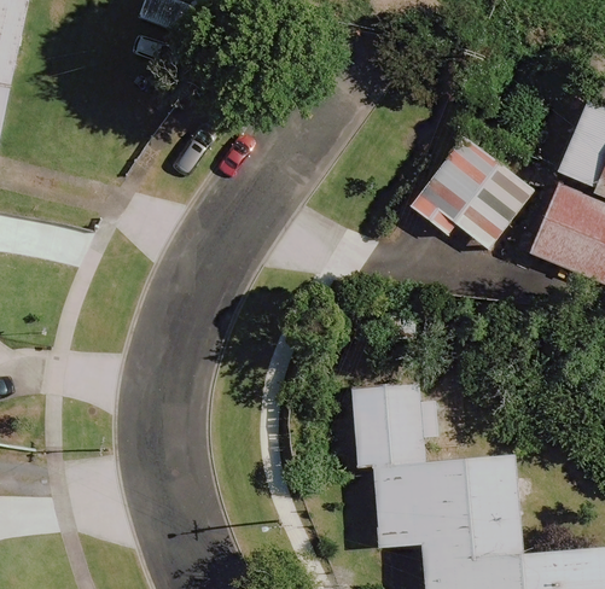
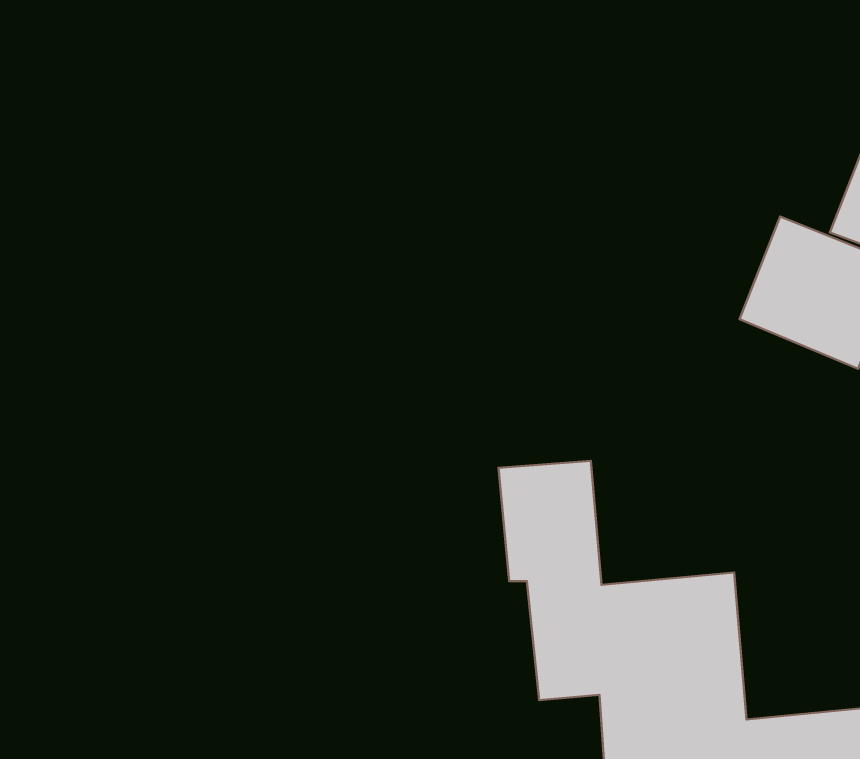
building: [408,158,520,269] -> none

